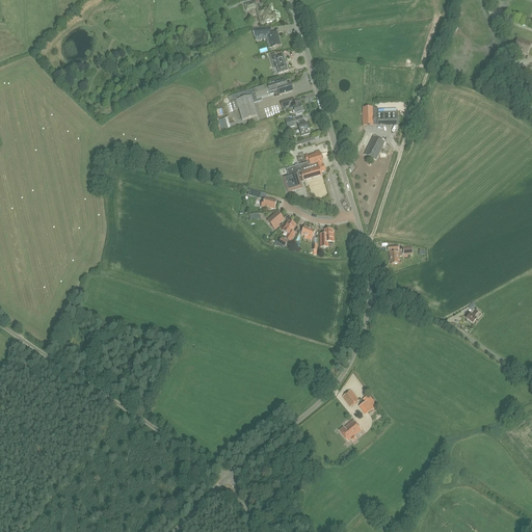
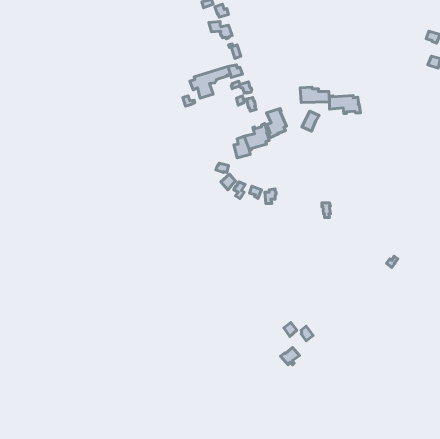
building: none -> [330,95,360,114]
building: none -> [265,108,286,138]

